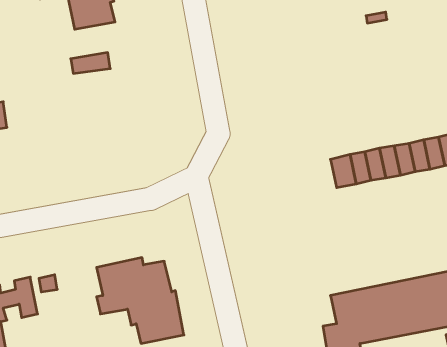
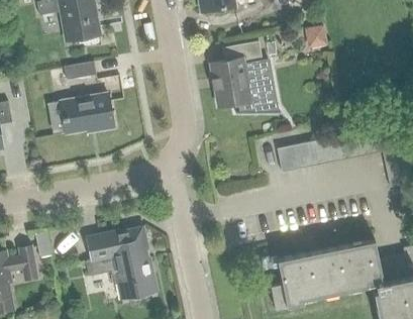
building: none -> [211,41,280,113]
building: none -> [61,93,115,132]

